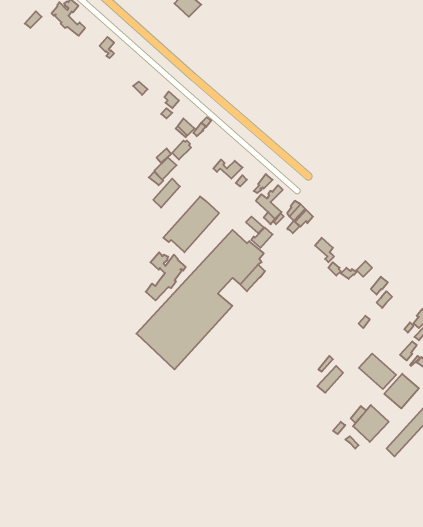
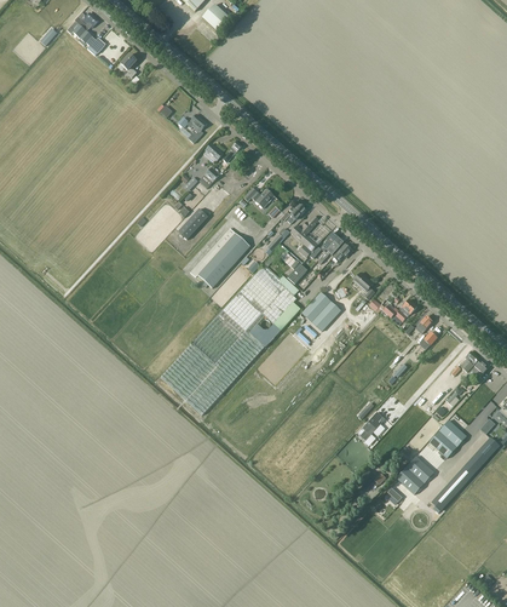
building: [146,252,186,300] -> none
building: none -> [303,291,341,330]
building: [359,354,396,389] -> none

